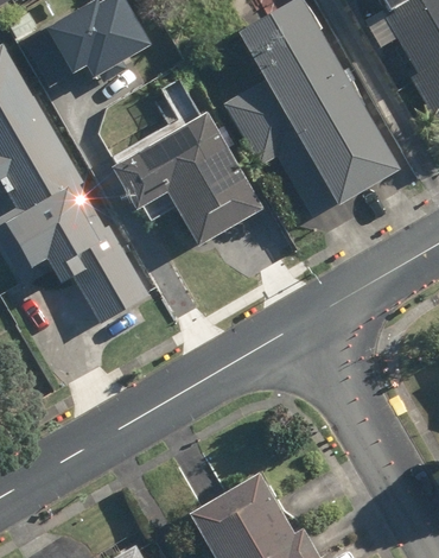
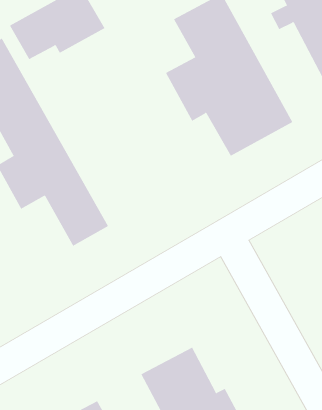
building: [109,83,263,242] -> none

